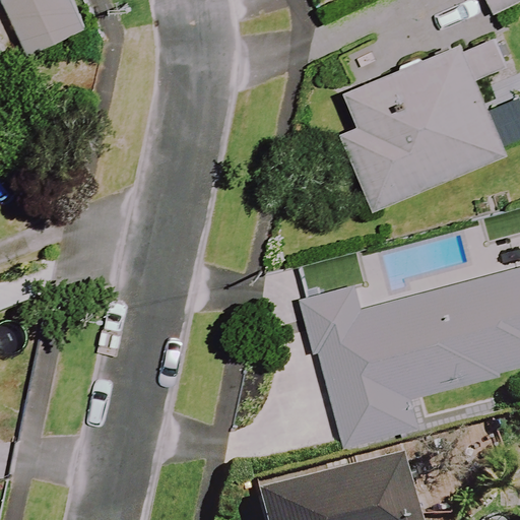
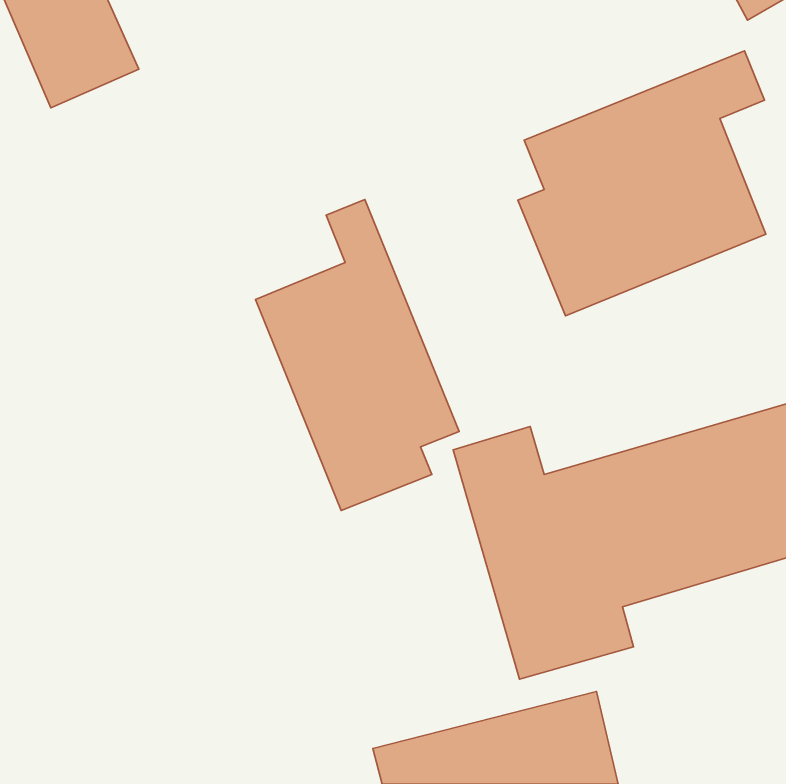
building: none -> [256,200,459,511]

